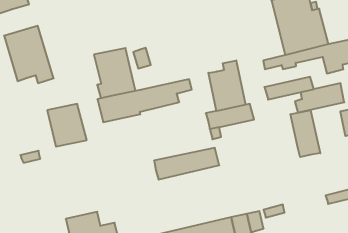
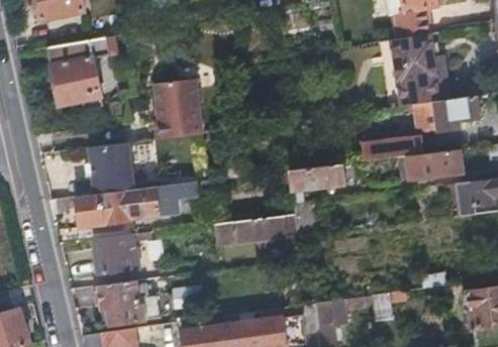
building: [208,60,246,111] -> none
building: [97,79,192,122] -> [80,182,199,224]
building: [291,110,320,157] -> none
building: none -> [91,232,131,273]

